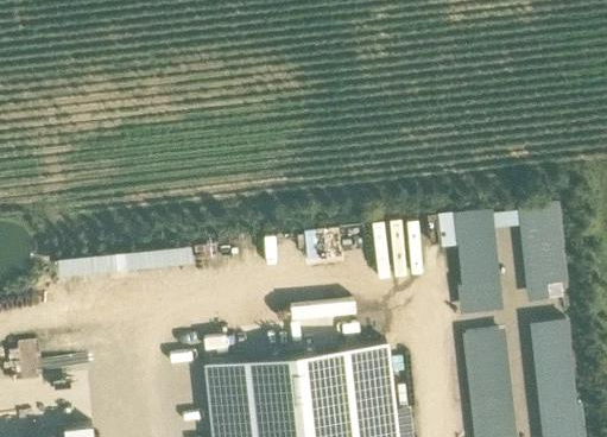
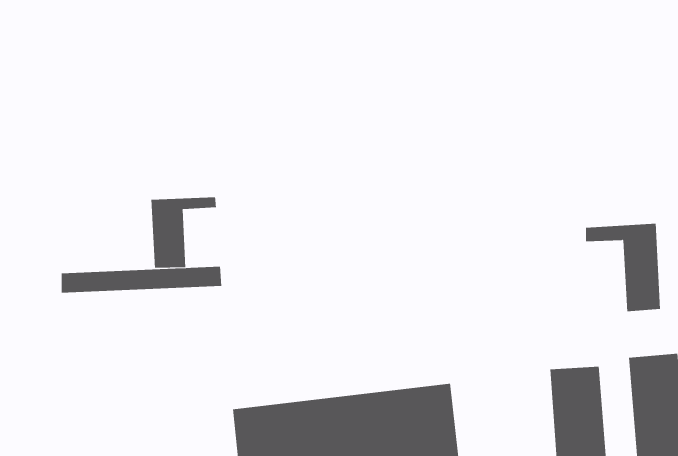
building: none -> [151,196,217,268]
building: [440,213,499,310] -> none

